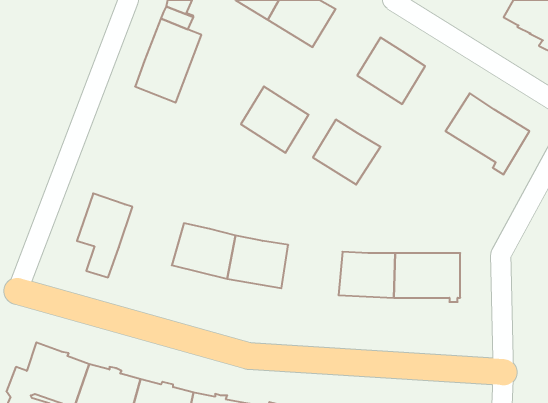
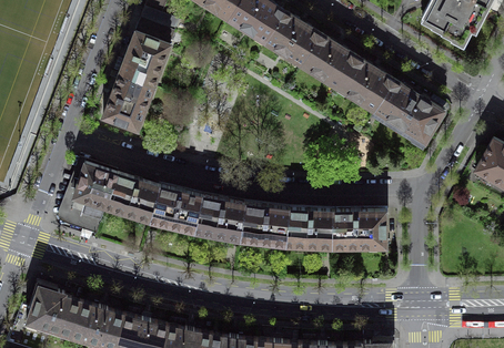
building: [241,86,309,153] -> [265,12,321,66]
building: none -> [103,75,153,131]
building: [313,120,381,185] -> [339,59,394,112]
building: none -> [59,161,98,236]
building: none -> [107,174,160,222]
building: none -> [240,205,290,246]

